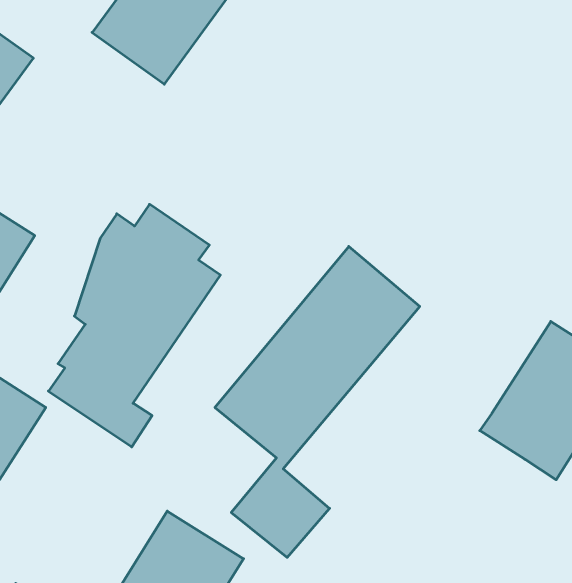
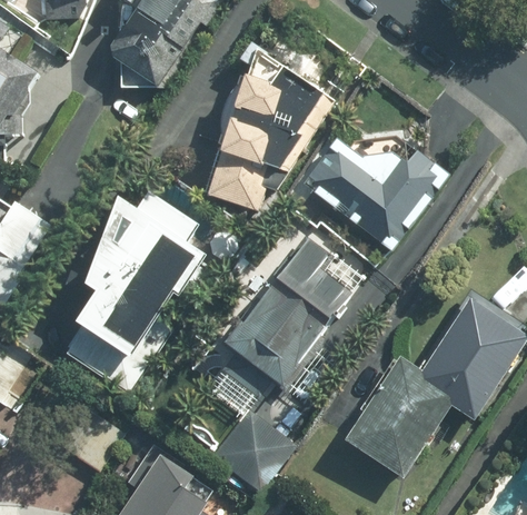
building: none -> [207,51,328,212]
building: none -> [302,149,449,255]
building: none -> [340,351,448,479]

